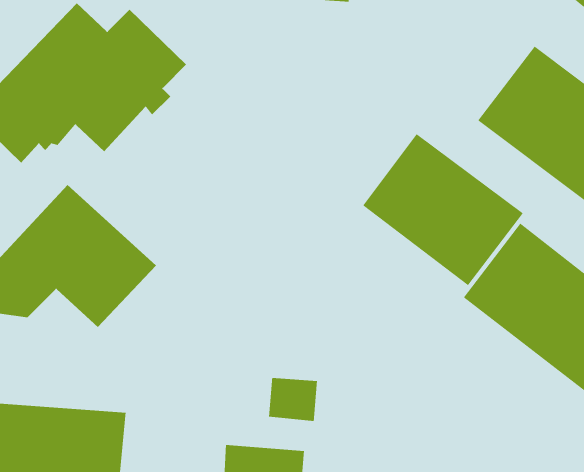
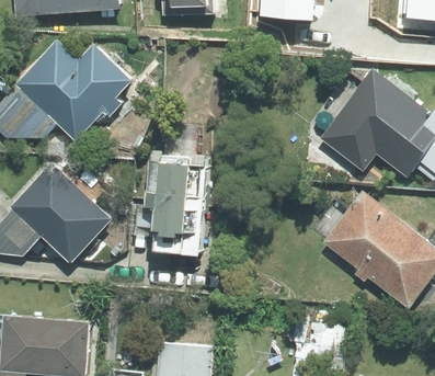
building: [362,133,524,286] -> none
building: none -> [145,163,187,238]

